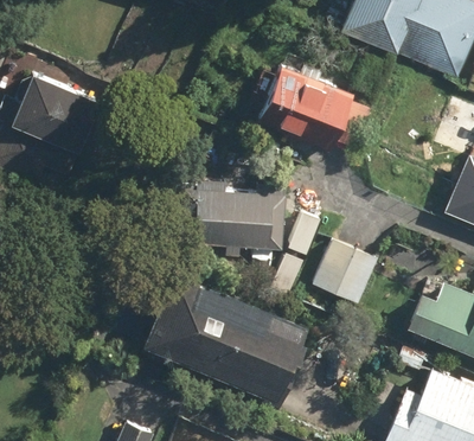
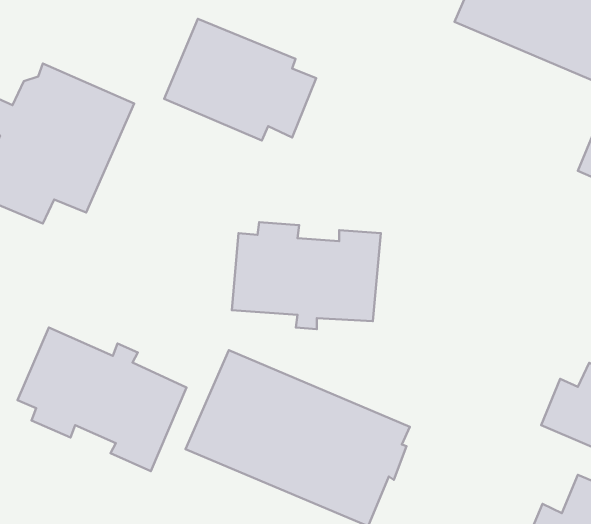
building: [260,58,372,148] -> [164,19,316,141]
building: [313,241,376,305] -> none
building: none -> [17,327,186,471]

